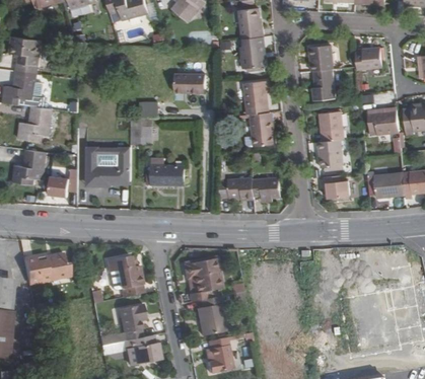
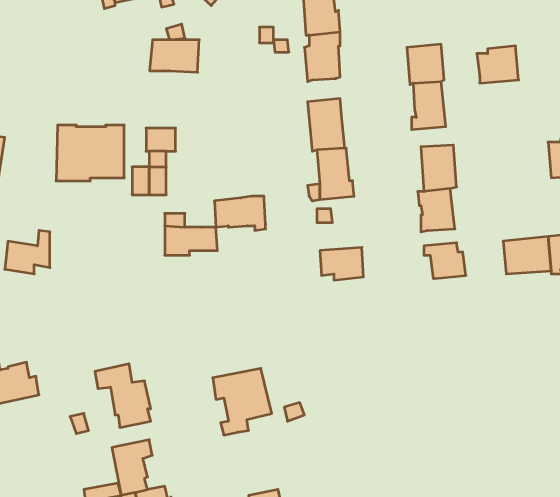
building: [175,71,208,92] -> [150,40,199,72]
building: [368,111,399,136] -> none
building: [86,148,131,184] -> [56,125,124,181]
building: [221,179,255,202] -> [214,196,266,230]
building: [196,297,225,336] -> none

